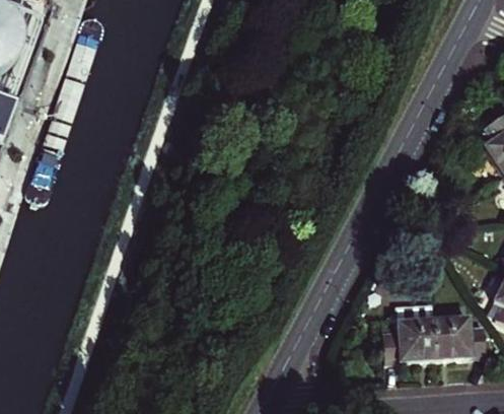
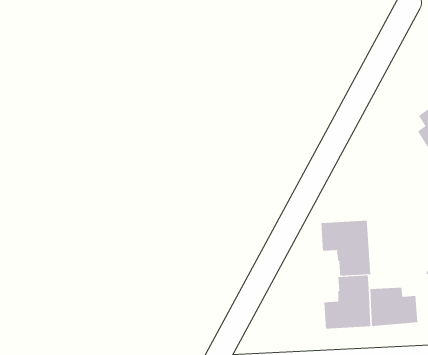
building: none -> [321,220,371,277]

